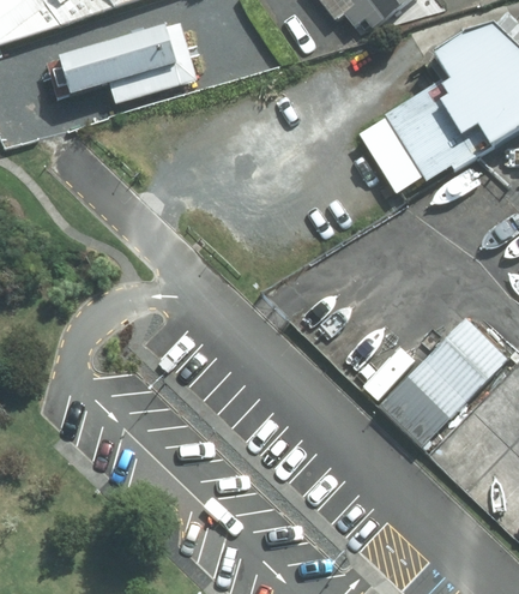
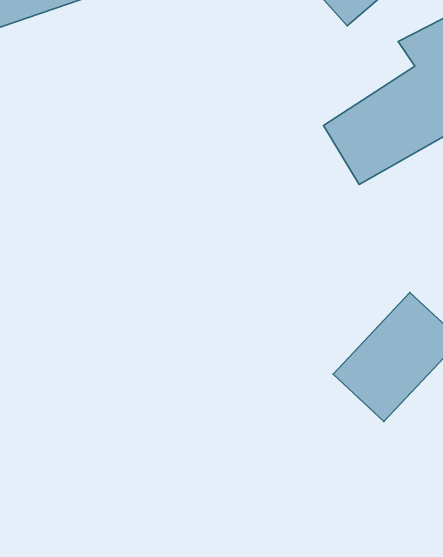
building: [65,24,199,104] -> none

